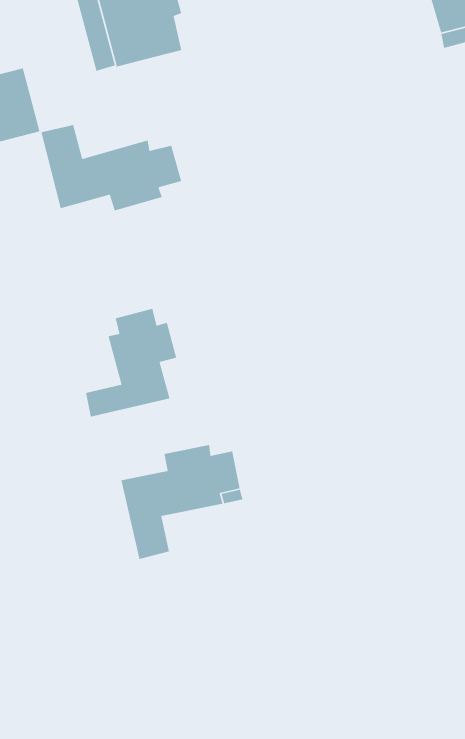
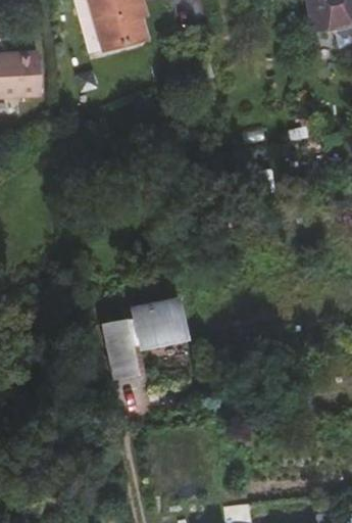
building: [40,124,182,211] -> none
building: [85,308,177,417] -> none

